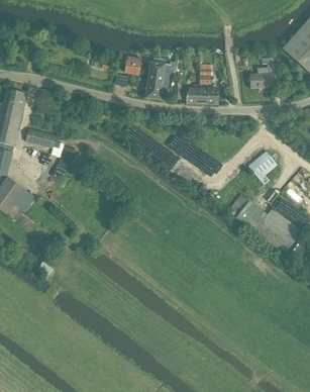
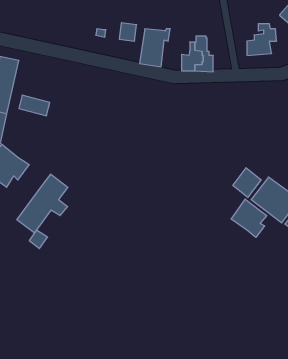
building: [247,151,277,184] -> none
building: none -> [17,174,68,233]
building: none -> [231,199,267,237]

